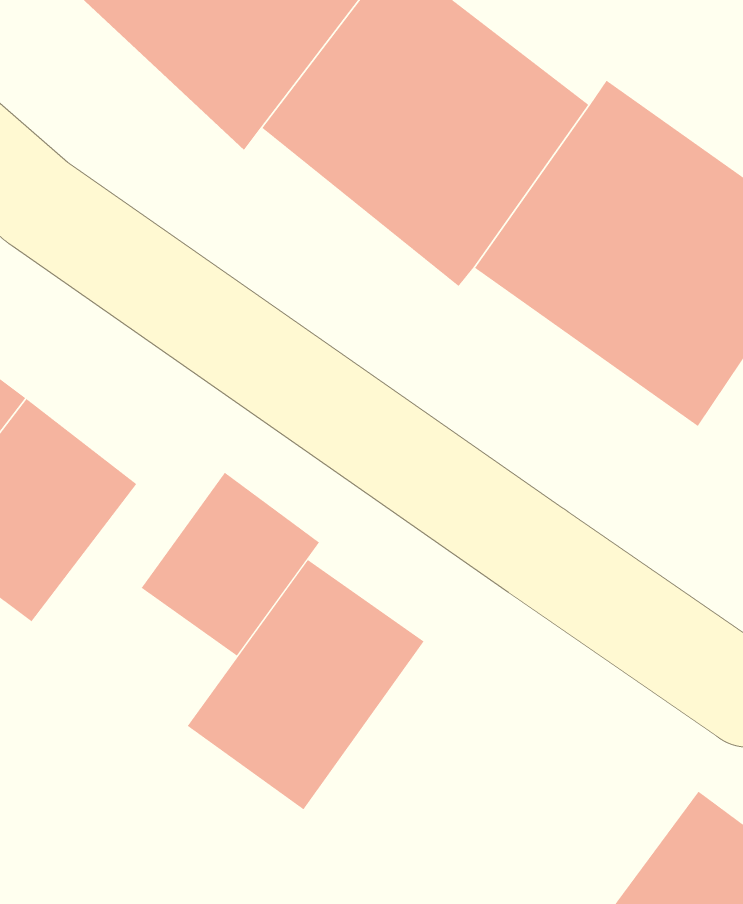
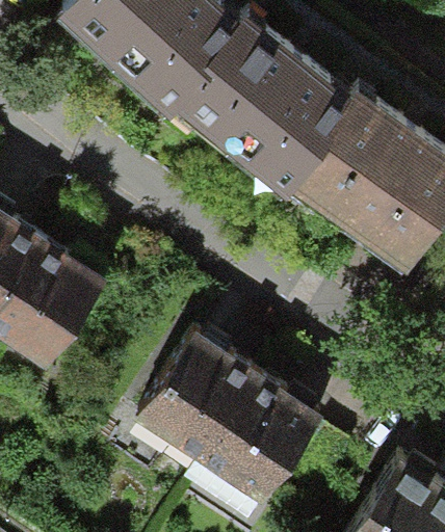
building: [141,472,320,657] -> none
building: none -> [192,374,321,510]

